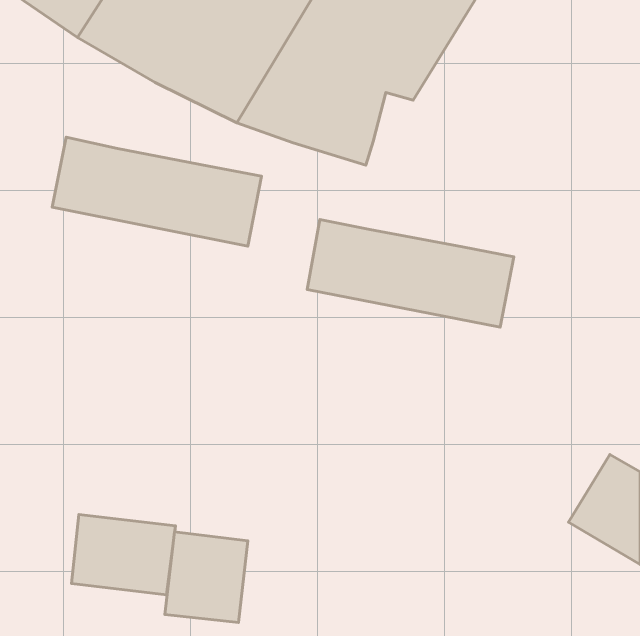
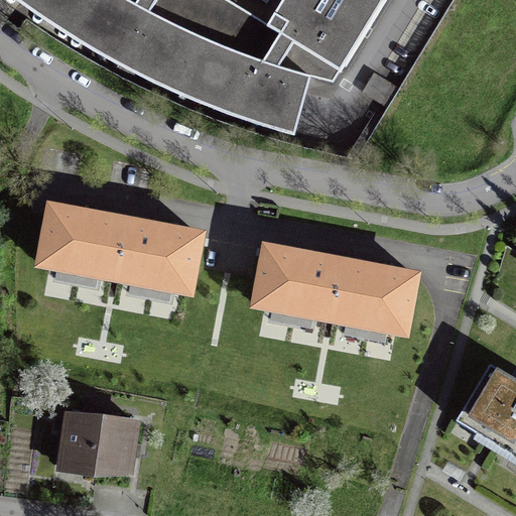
building: [52,137,261,246] -> [37,204,206,291]
building: [307,219,514,327] -> [252,245,418,332]
building: [165,532,248,622] -> none

